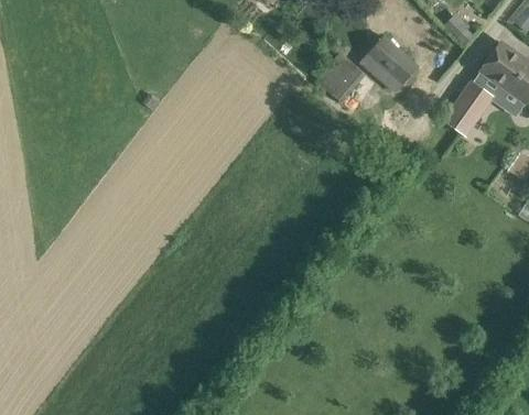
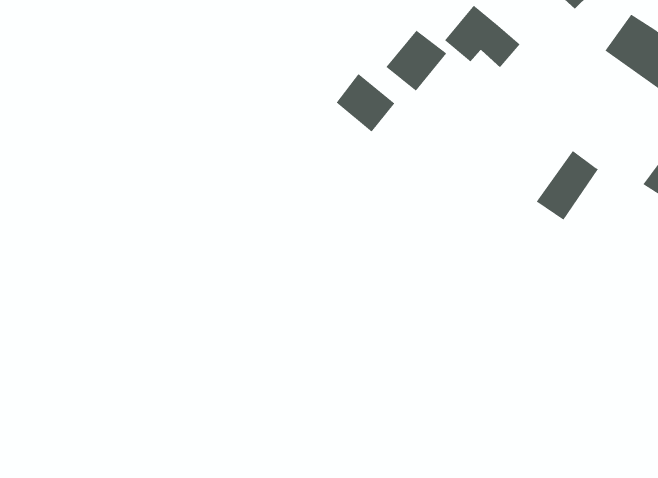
building: [445,83,493,135] -> [536,150,599,221]
building: none -> [336,73,395,132]

